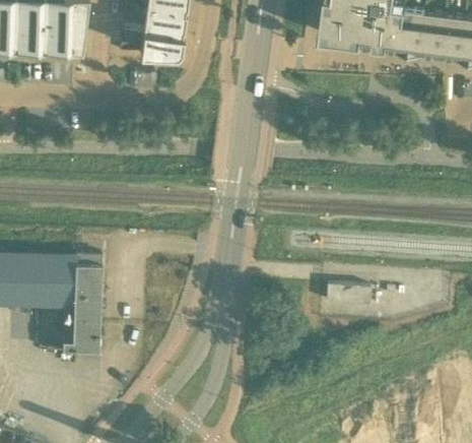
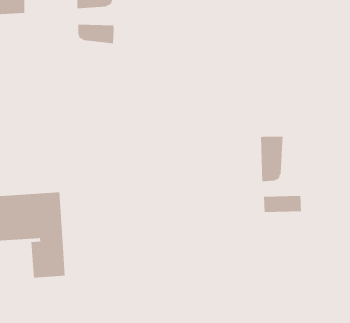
building: none -> [78,24,114,44]
building: none -> [261,136,283,182]

